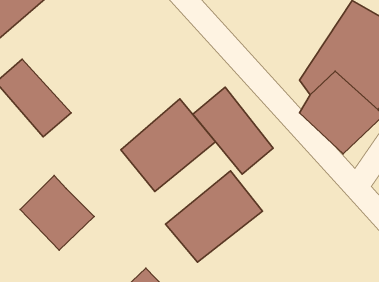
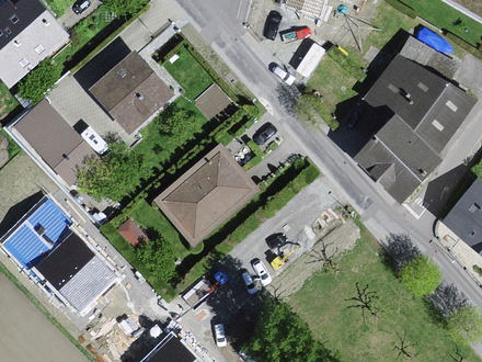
building: none -> [89,50,170,134]
building: [193,87,273,174] -> none
building: [166,171,263,262] -> none

